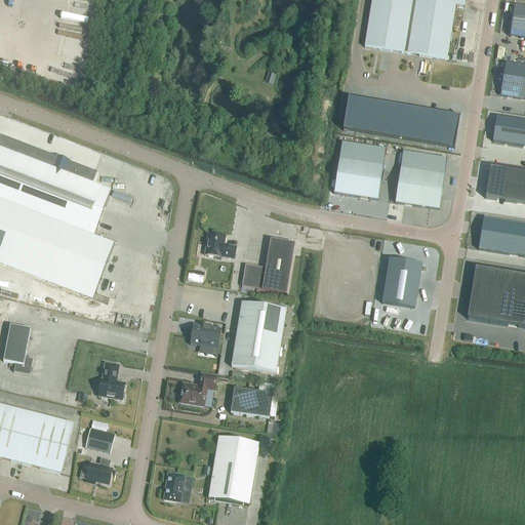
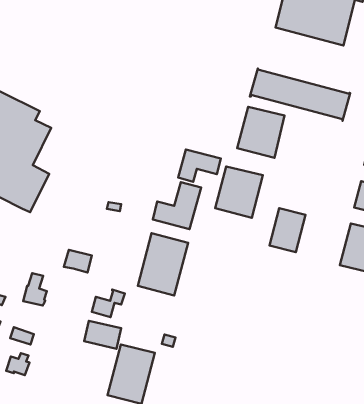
building: [395,150,447,207] -> [215,167,263,218]
building: none -> [178,150,221,182]
building: [205,230,236,256] -> none
building: [190,322,221,347] -> [64,250,92,272]
building: [231,387,273,416] -> [84,321,121,349]
building: [164,471,185,500] -> none

